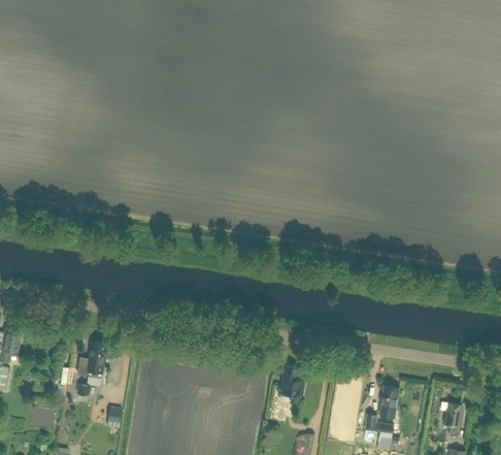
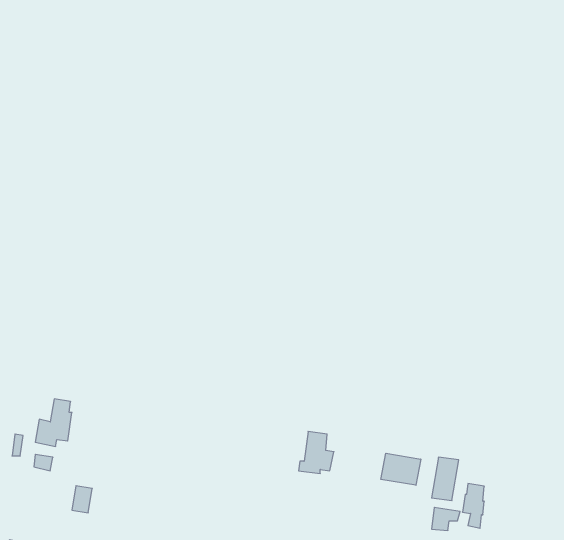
building: none -> [381,453,421,485]
building: [444,403,461,437] -> [462,484,484,528]

